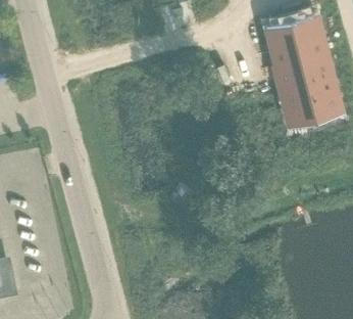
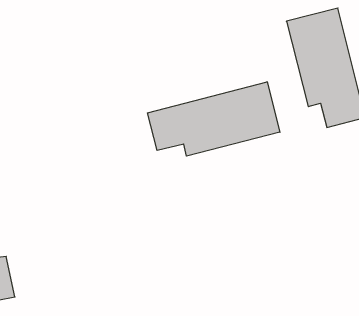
building: none -> [148,82,280,156]

